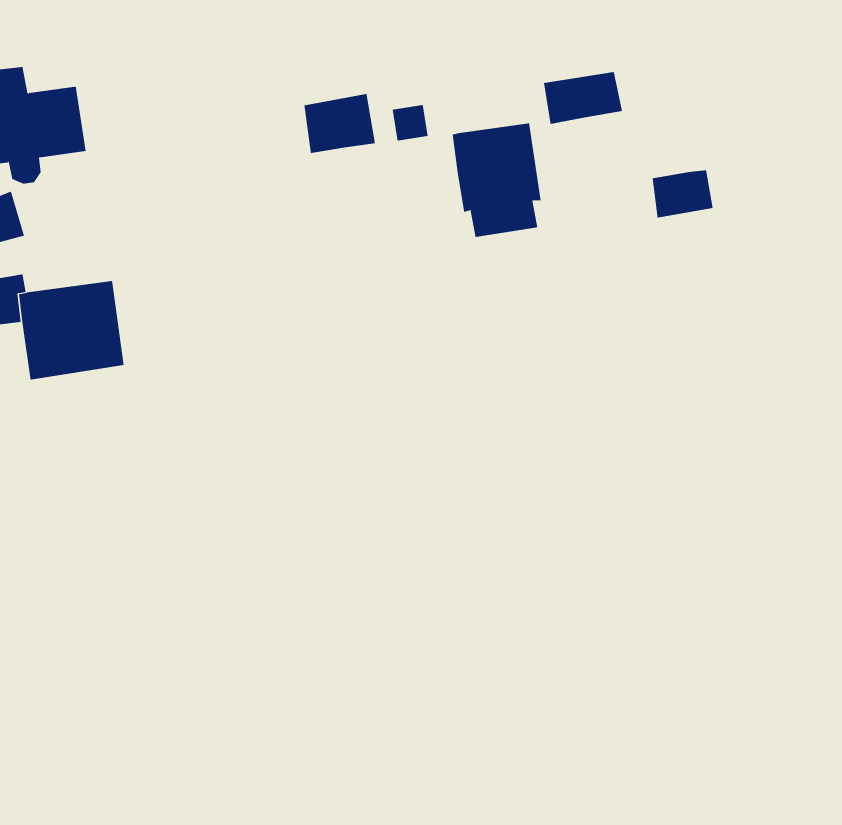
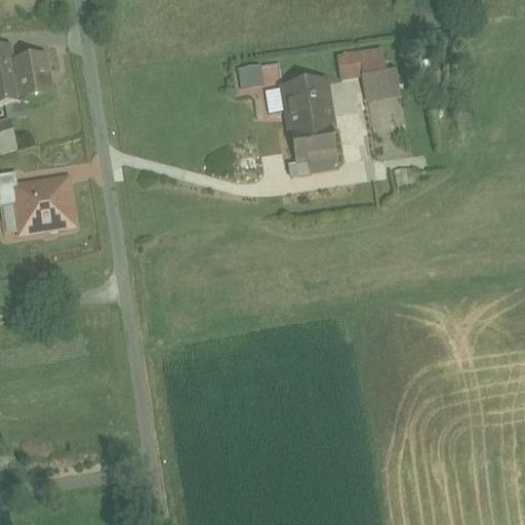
building: [304,93,376,154] -> none
building: [652,170,713,218] -> [361,68,399,97]
building: none -> [289,140,336,171]

